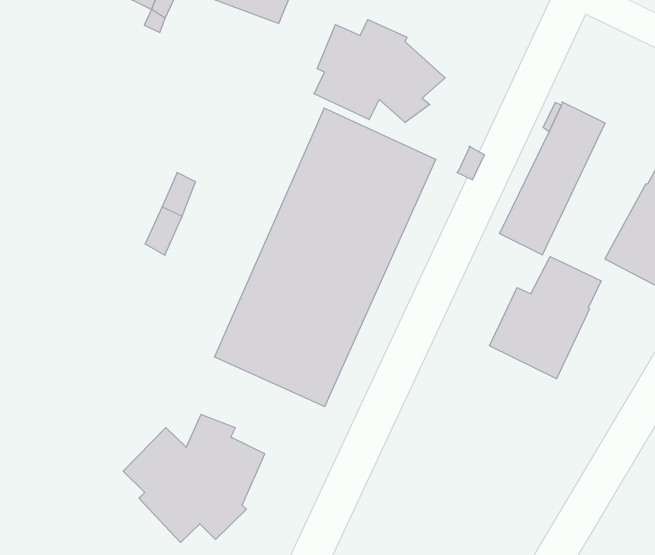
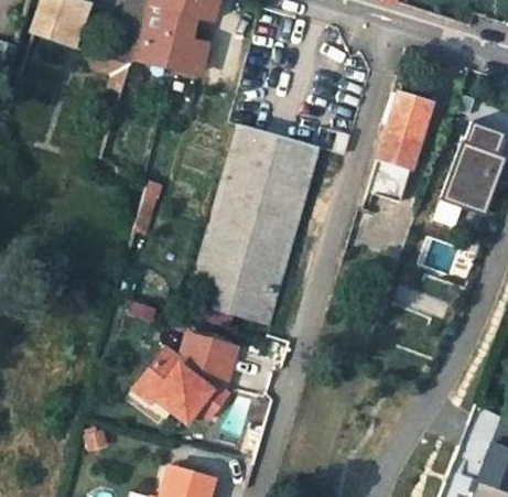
building: [314,20,445,123] -> none
building: [490,257,601,379] -> none

